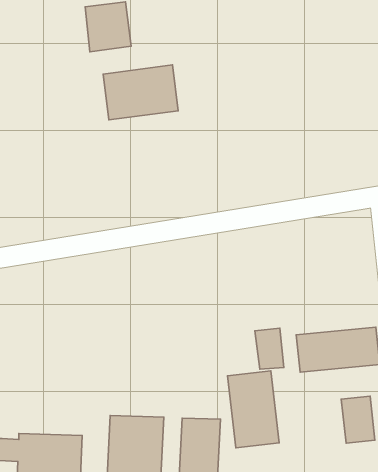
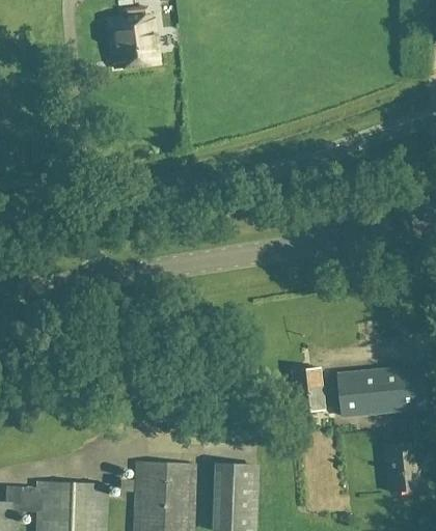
building: [103,65,178,120] -> none
building: [227,371,279,448] -> none

